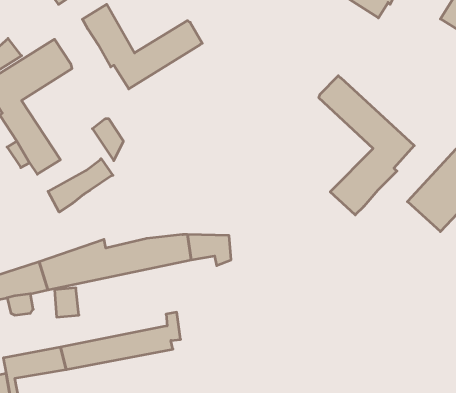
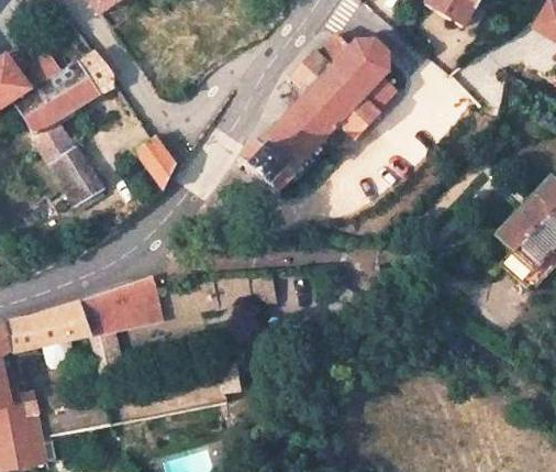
building: [82,4,202,89] -> none
building: none -> [238,33,396,194]
building: [319,76,414,215] -> none
building: [48,159,113,212] -> none

